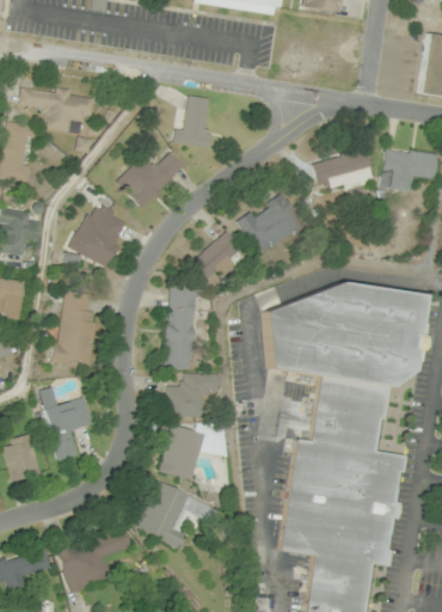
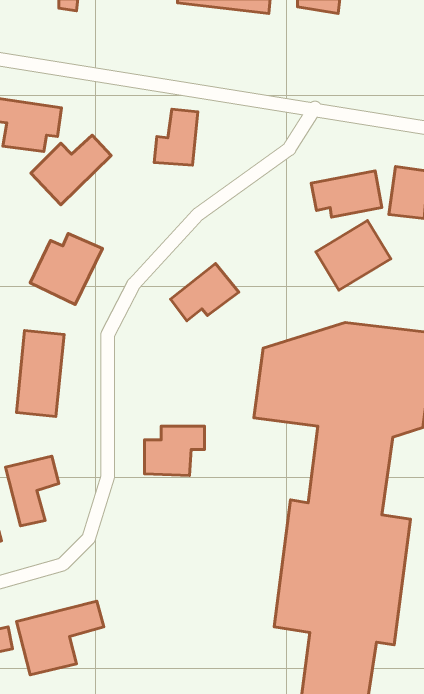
building: [116,149,186,210] -> [31,135,111,205]
building: [239,194,305,255] -> [316,220,391,290]
building: [166,288,195,369] -> none
building: [161,423,209,481] -> none
building: [134,481,221,546] -> none

